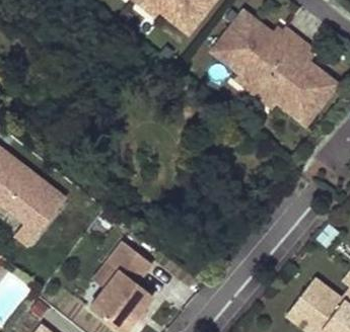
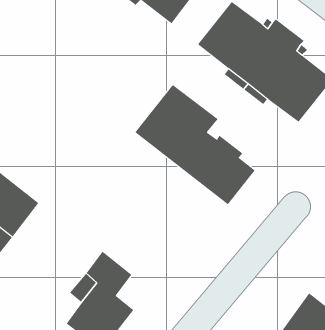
building: none -> [134,84,255,205]

